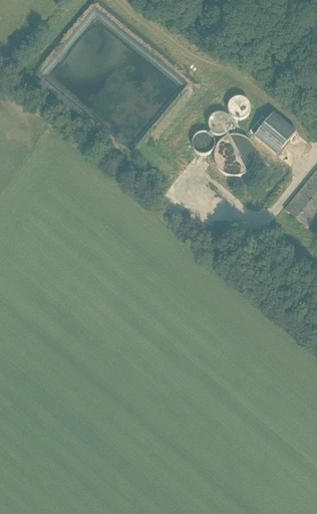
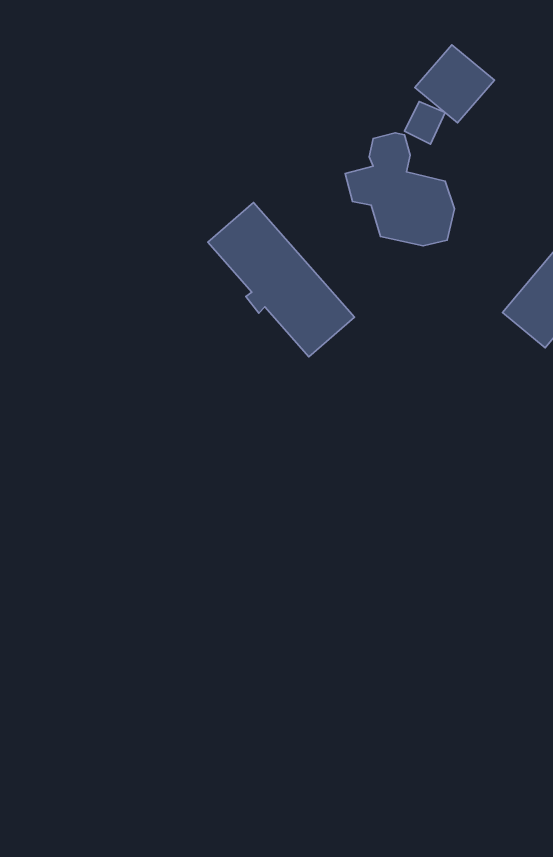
building: [252,111,295,154] -> [415,45,495,123]
building: none -> [208,203,354,357]

